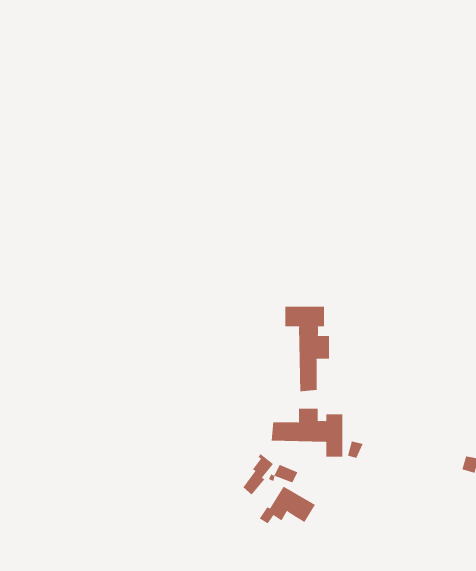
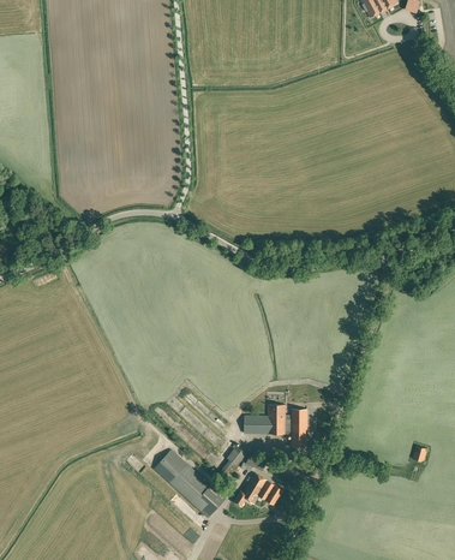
building: [285,306,330,392] -> none
building: none -> [154,449,226,517]

